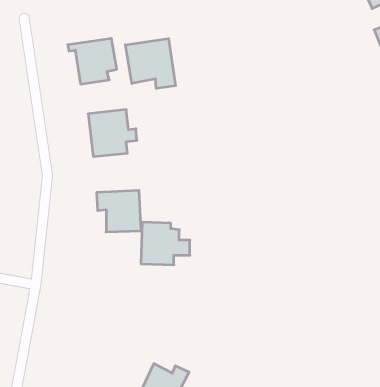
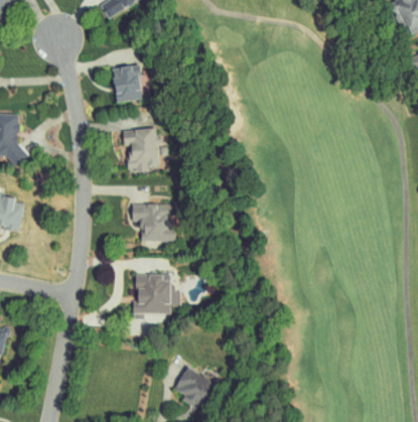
building: [125,39,176,88] -> none
building: [141,222,190,265] -> [137,274,183,314]

